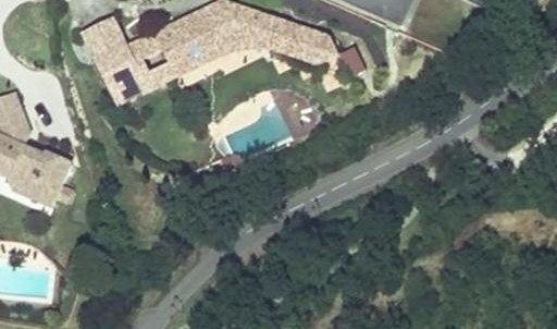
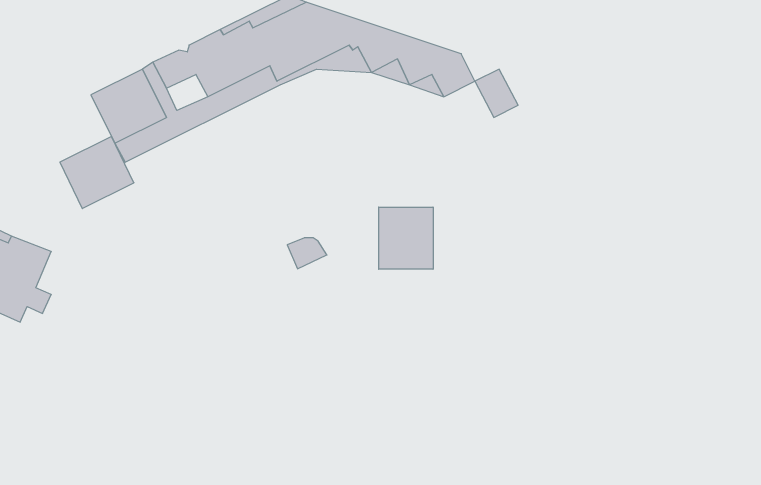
building: [82,16,128,62] -> [60,136,134,209]
building: none -> [379,207,433,269]

